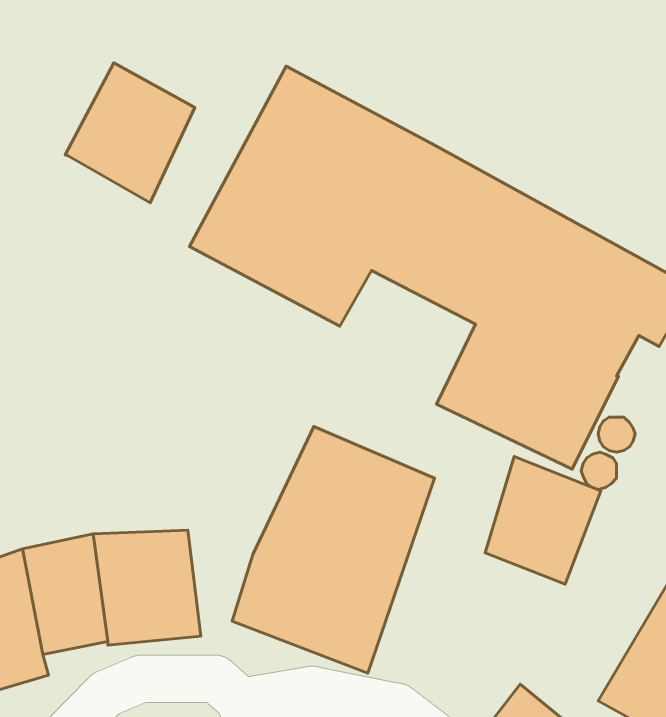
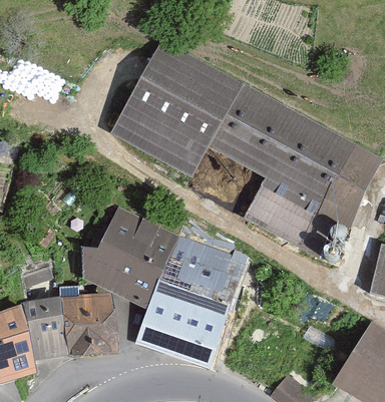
building: [65,63,195,203] -> none
building: none -> [79,204,177,304]
building: [485,456,601,584] -> none

